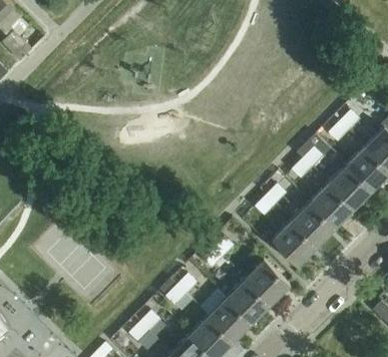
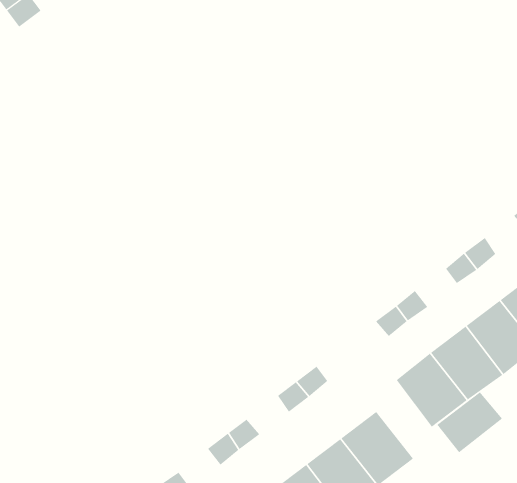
building: none -> [436,391,503,453]

